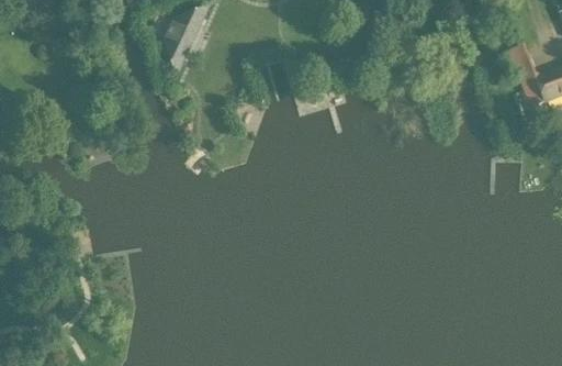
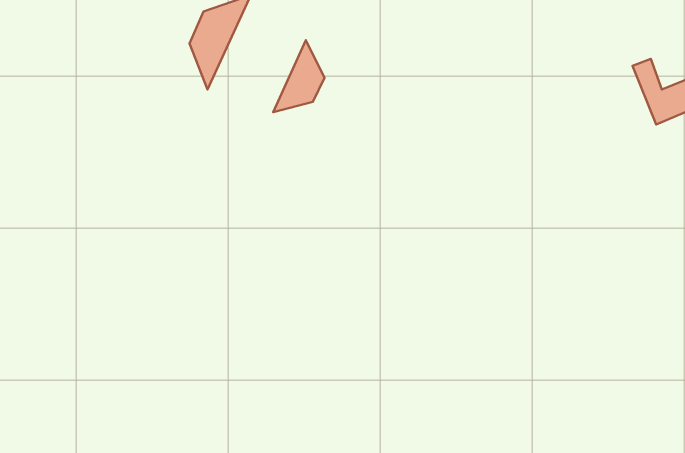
building: none -> [273,40,324,112]

